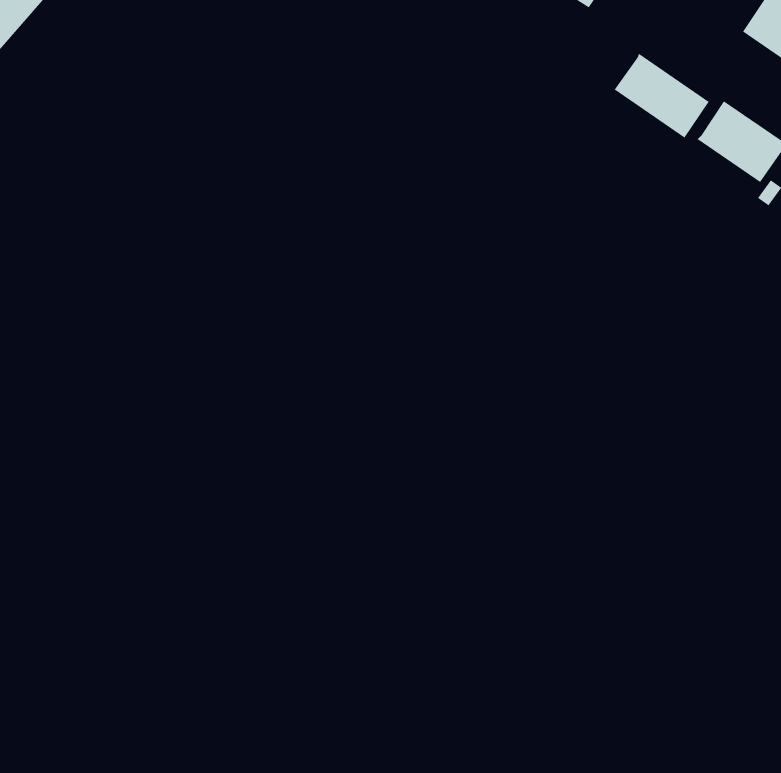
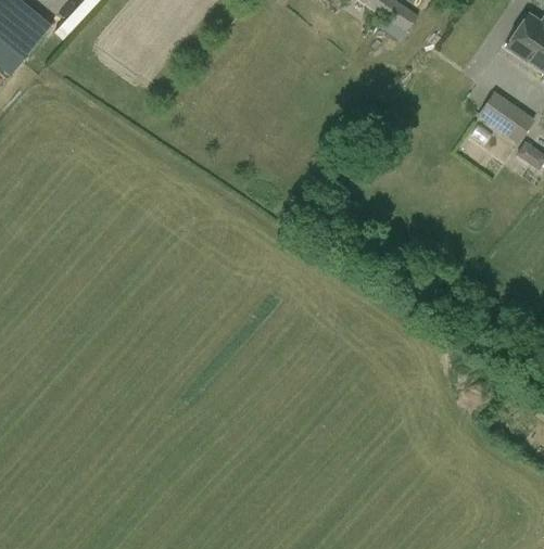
building: [614,53,710,138] -> none

